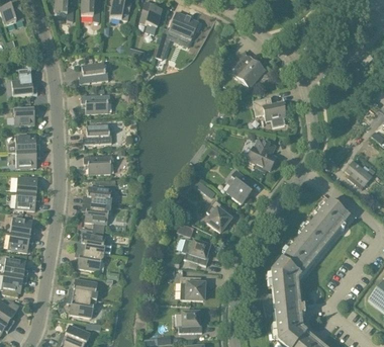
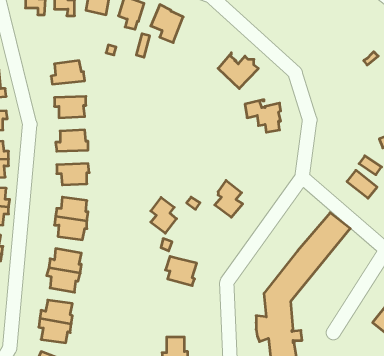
building: [248,138,276,173] -> none
building: [207,199,230,232] -> [151,197,177,233]
building: [181,276,204,299] -> none

